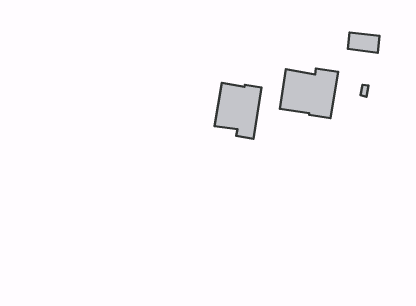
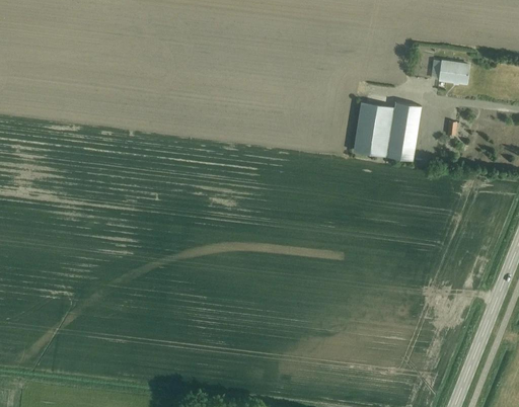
building: [215,83,262,139] -> none

